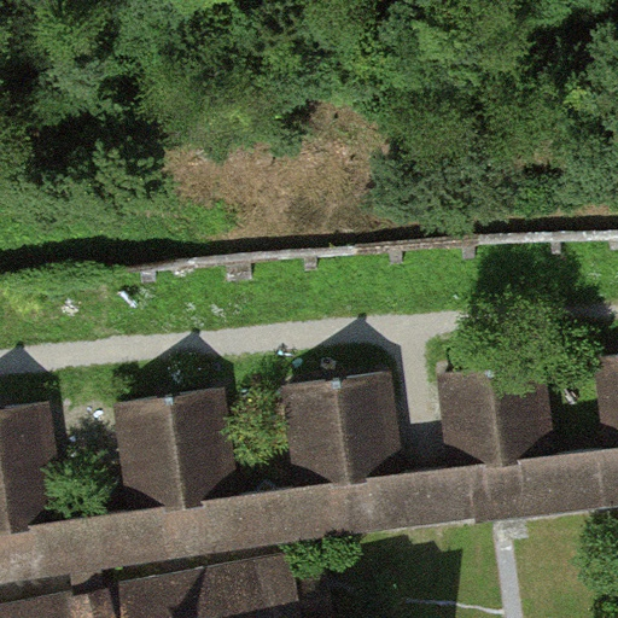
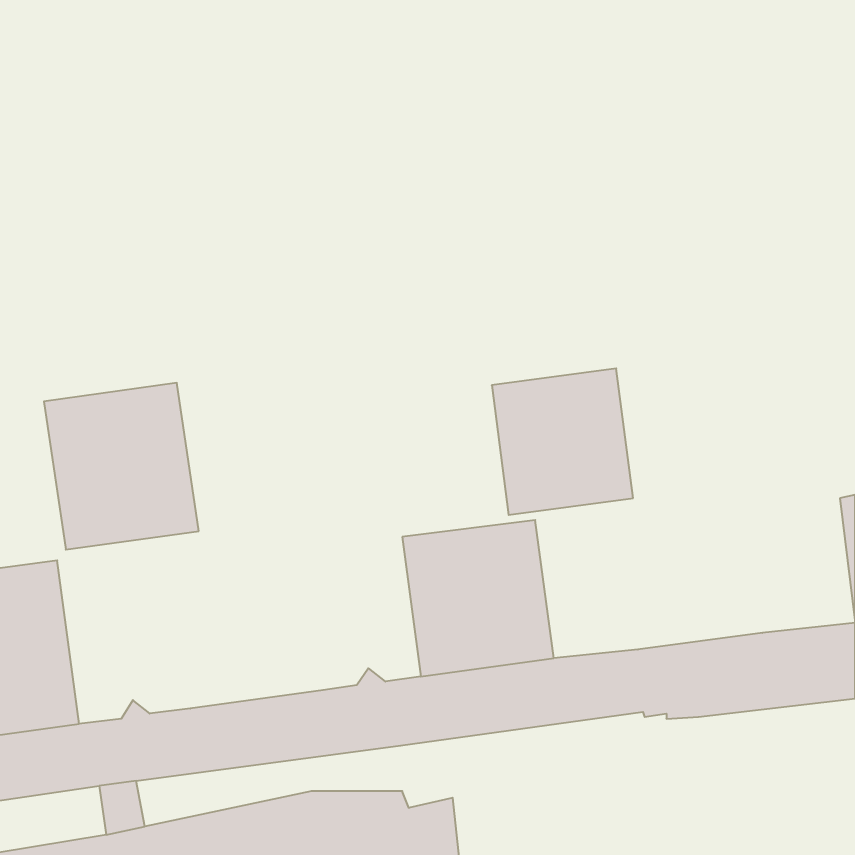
building: [445,365,547,470] -> [492,368,633,515]
building: [121,392,232,512] -> [44,383,199,550]

